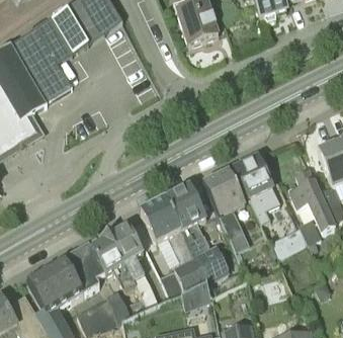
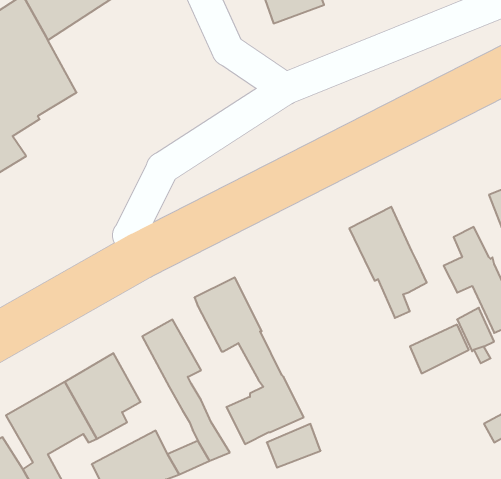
building: [203,170,249,248] -> none
building: [165,184,229,281] -> none
building: [92,233,137,290] -> none

